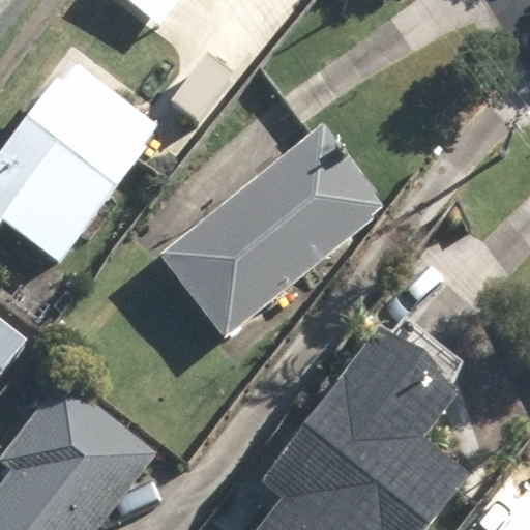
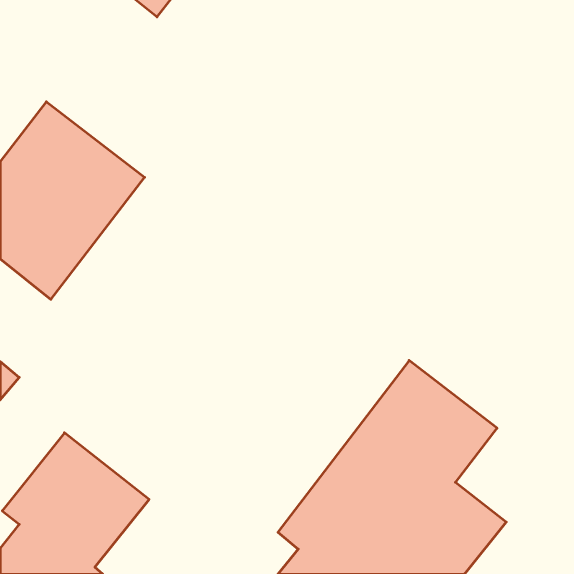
building: [159,121,386,334] -> none

